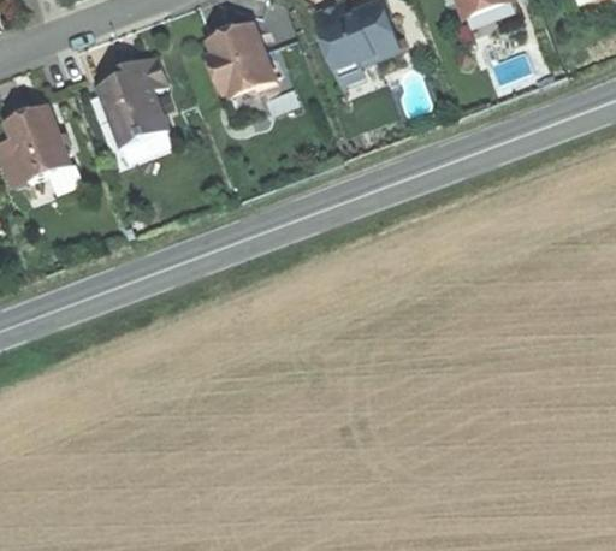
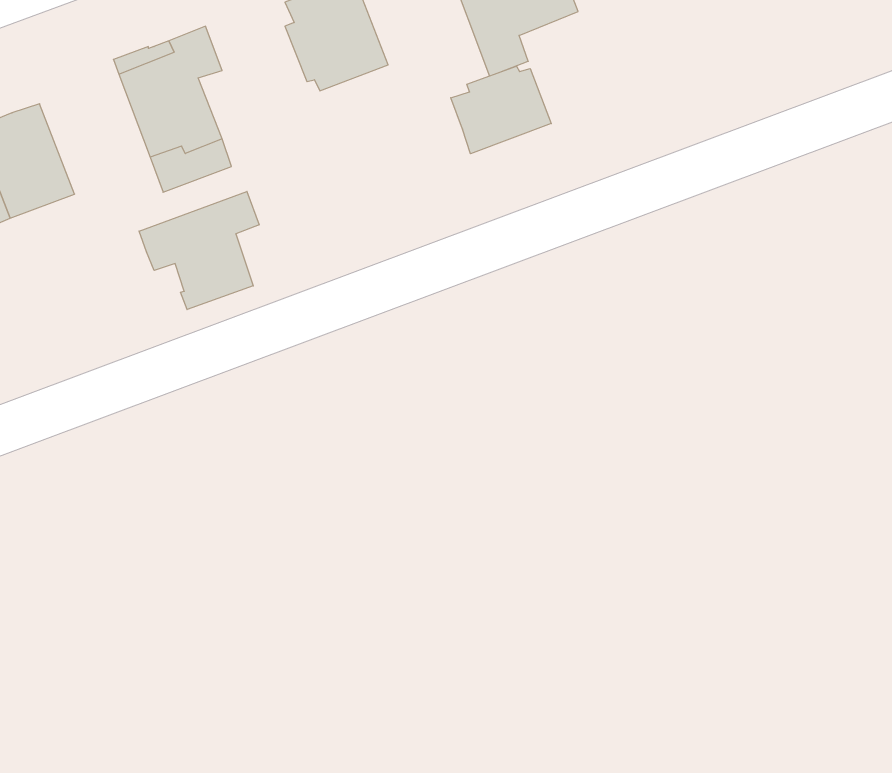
building: none -> [451,66,551,154]
building: none -> [139,191,259,310]

